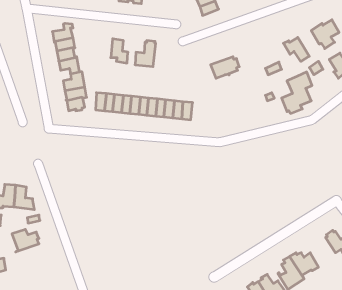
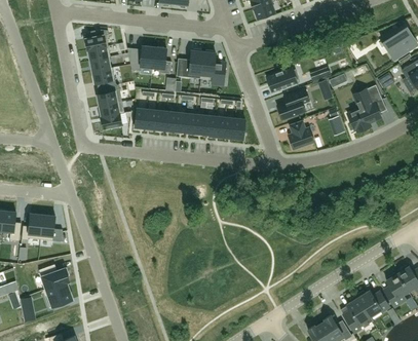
building: [283,37,309,61] -> none
building: none -> [128,46,154,72]
building: none -> [200,50,226,85]
building: none -> [277,89,309,120]
building: none -> [288,122,314,150]
building: none -> [386,273,409,308]
building: none -> [43,281,73,307]

